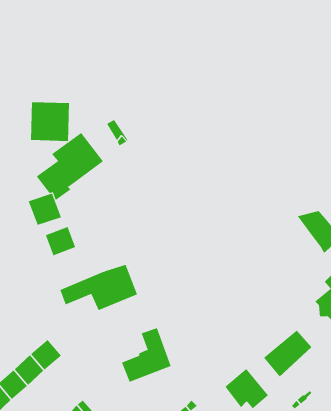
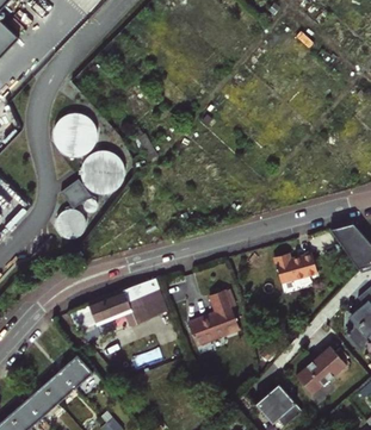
building: [45,226,76,256] -> none
building: none -> [274,254,319,283]
building: [121,327,171,382] -> [190,289,241,345]

